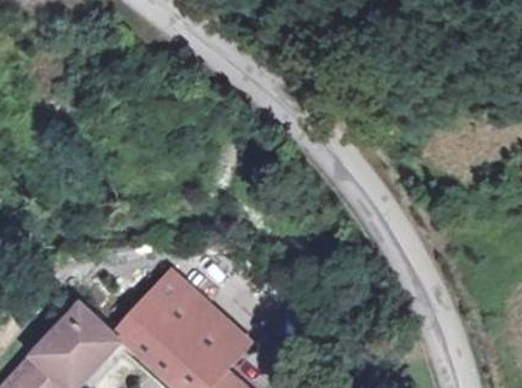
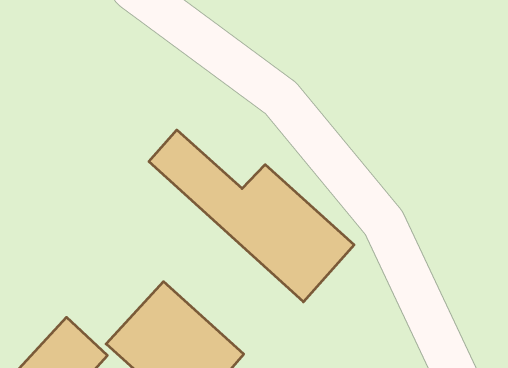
building: none -> [149,130,354,302]

